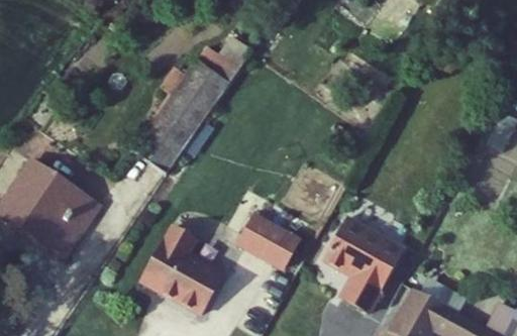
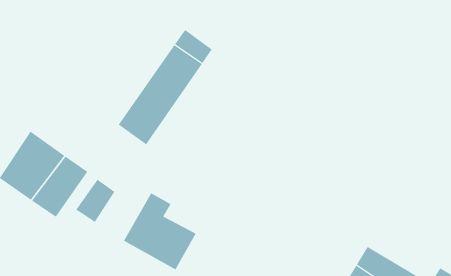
building: none -> [76,179,115,223]
building: [237,215,297,268] -> none
building: [321,215,402,312] -> none

